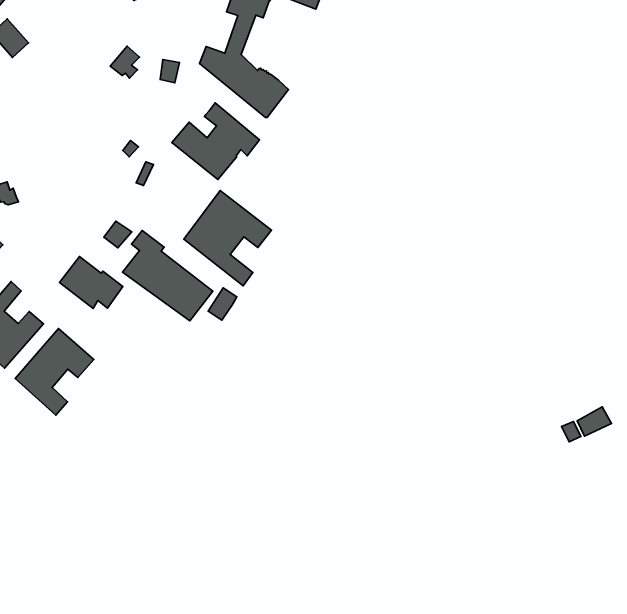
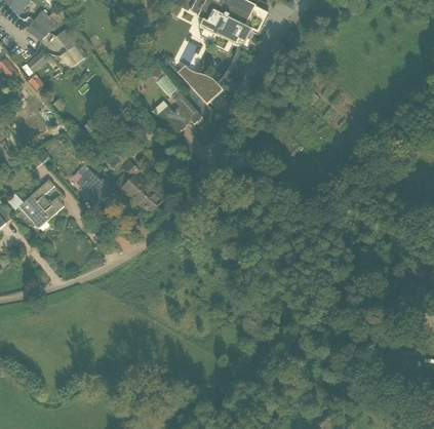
building: [184,191,271,286] -> none
building: [15,329,94,415] -> none

